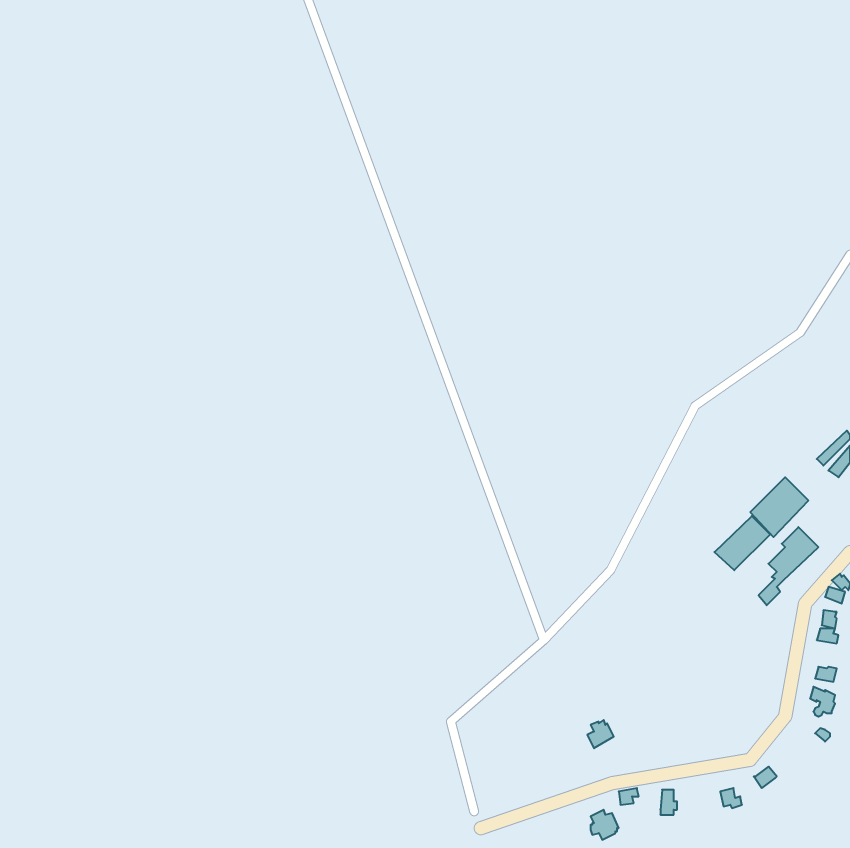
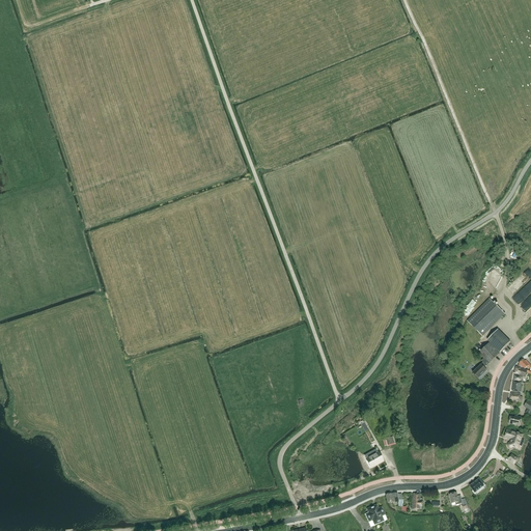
building: [714,516,770,570] -> none

